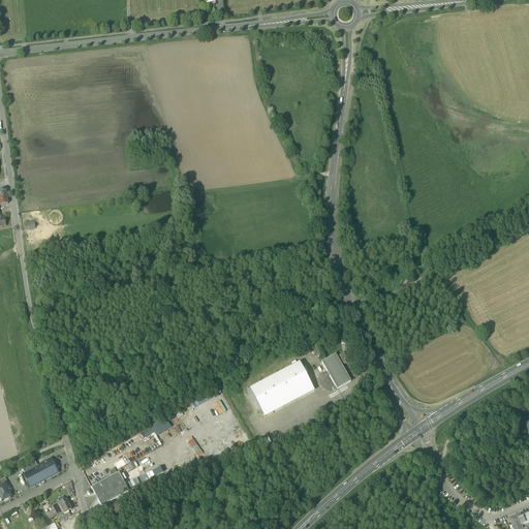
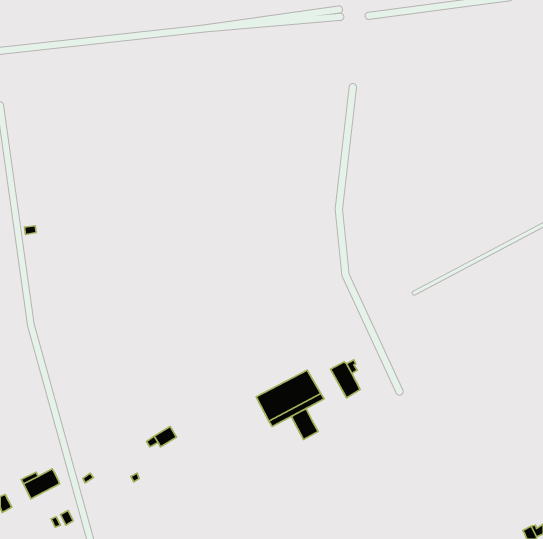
building: none -> [292,409,318,440]
building: [92,471,128,504] -> none

